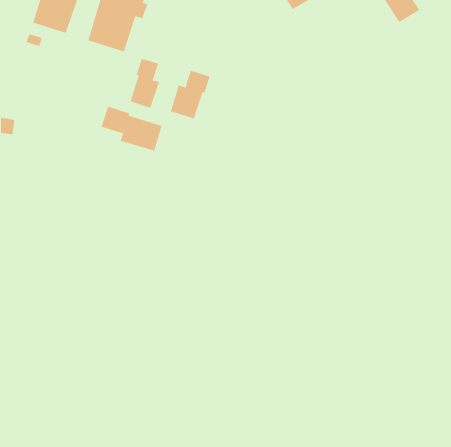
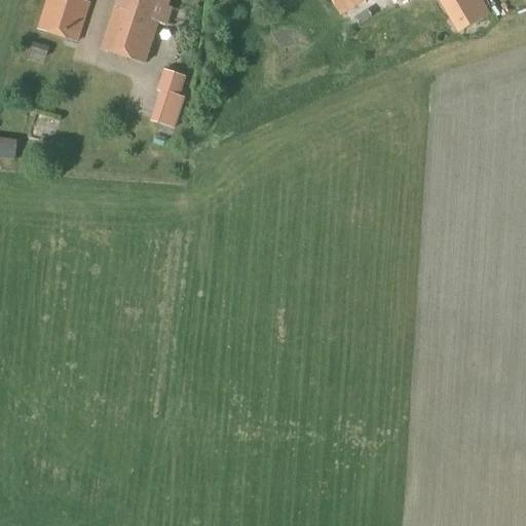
building: [170,70,210,119] -> none
building: [101,106,162,152] -> none

